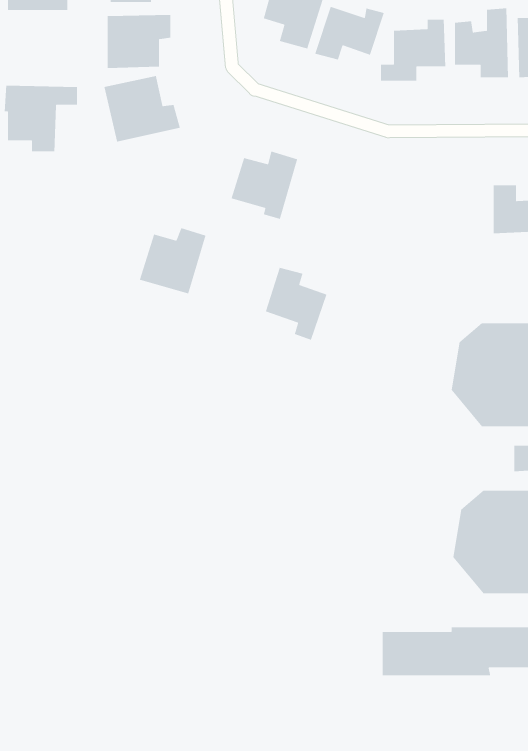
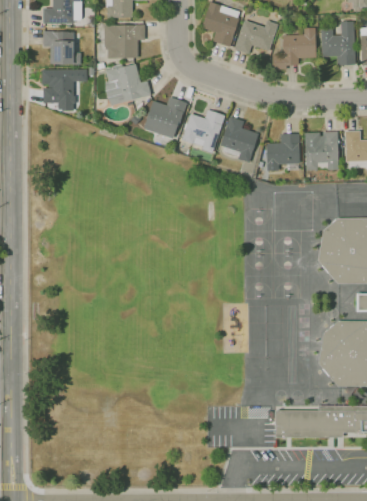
building: none -> [43,31,80,65]
building: none -> [305,133,339,170]
building: none -> [266,134,300,171]
building: [139,227,206,295] -> [144,97,186,139]
building: [265,267,328,341] -> [220,117,259,163]

